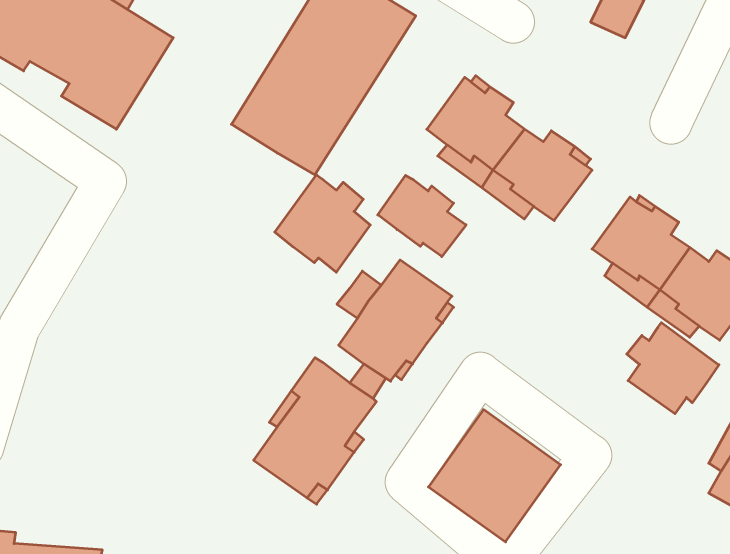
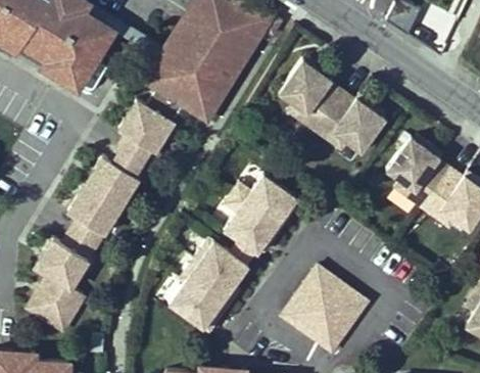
building: none -> [26,91,182,332]
building: [275,175,370,272] -> none
building: [378,175,466,257] -> none
building: [627,323,719,414] -> none

